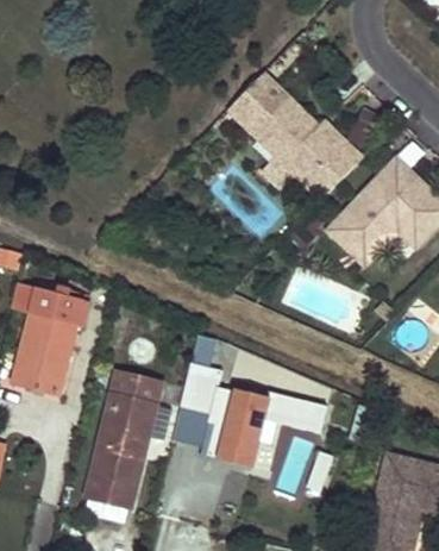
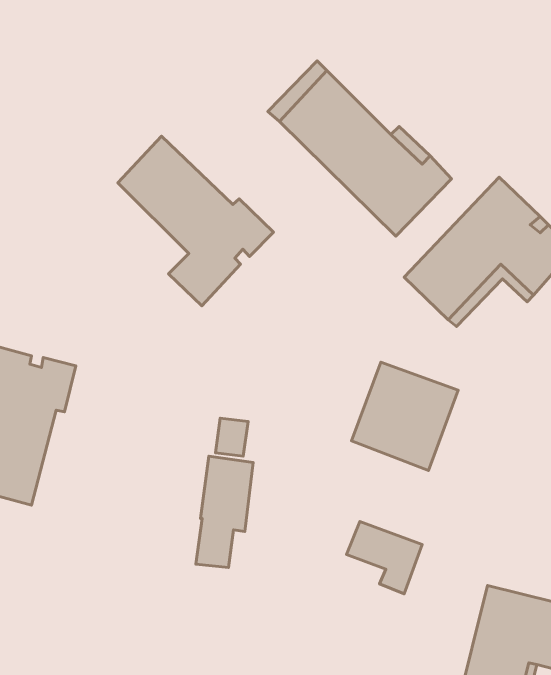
building: none -> [118,136,273,306]
building: [84,368,165,512] -> none
building: [213,377,290,456] -> [351,362,458,470]

